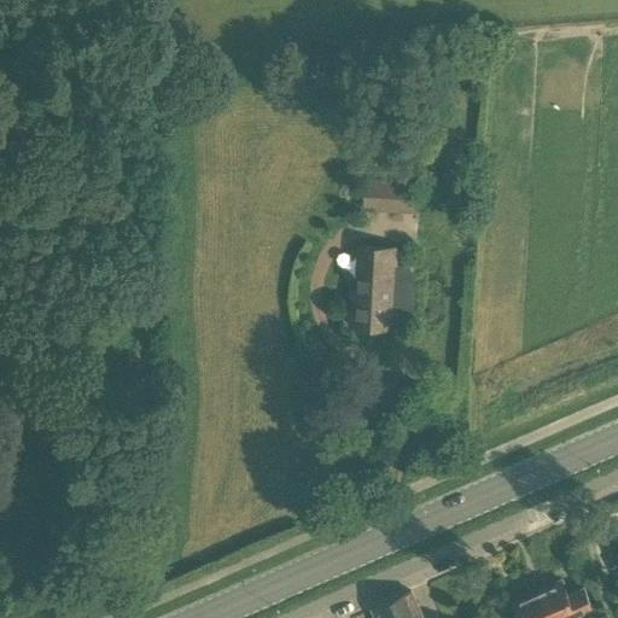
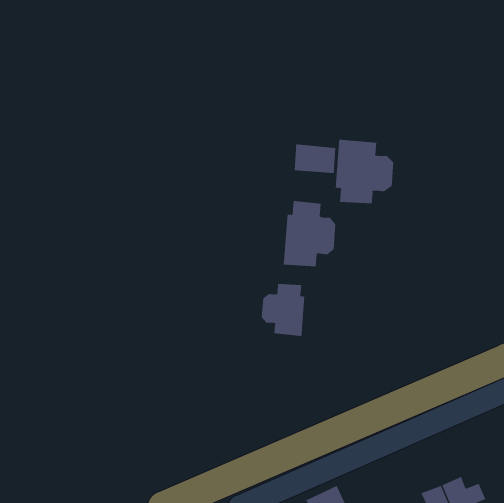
building: none -> [335,139,394,204]
building: none -> [261,283,305,337]

